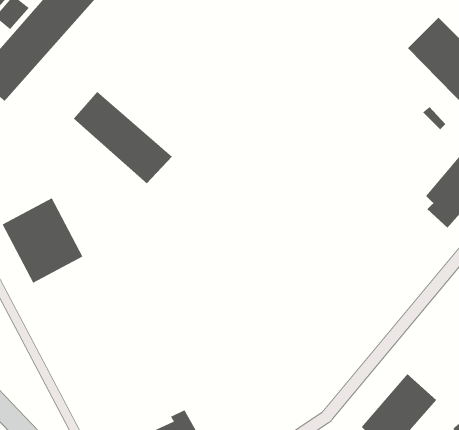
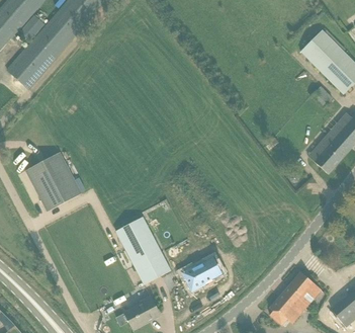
building: [73,91,173,184] -> none
building: none -> [115,217,171,284]
building: none -> [179,255,219,287]

